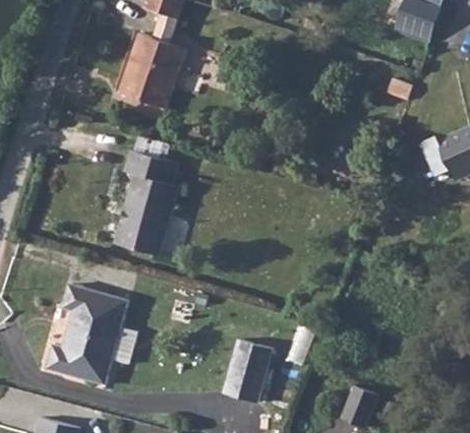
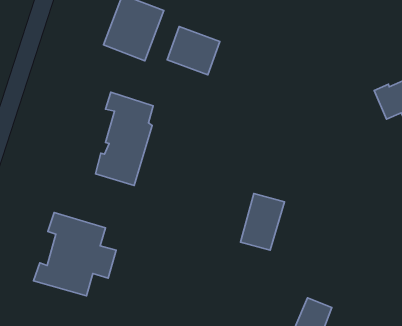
building: none -> [167,26,220,75]
building: [220,339,270,404] -> [240,194,284,250]

